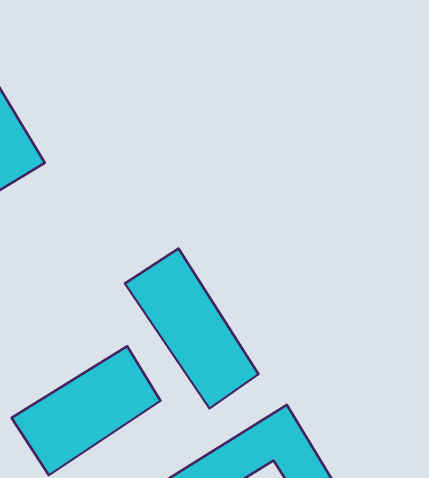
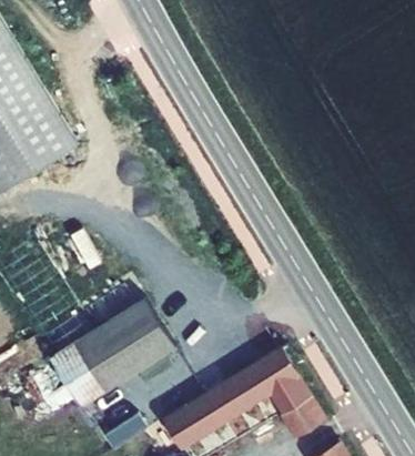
building: [125,249,258,408] -> none

